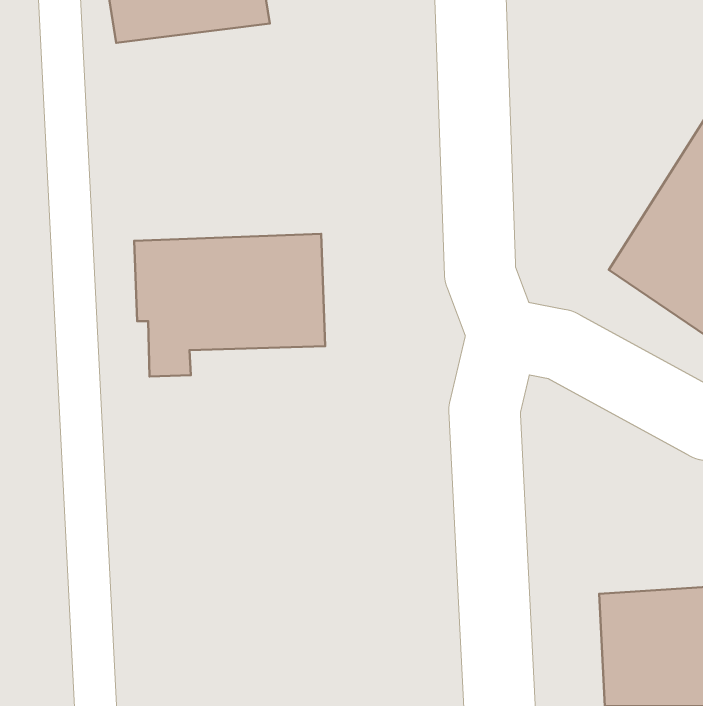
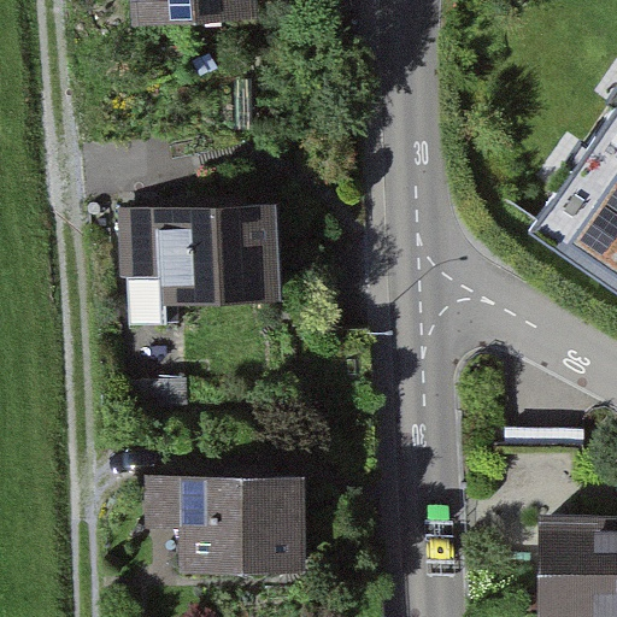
building: none -> [146,476,310,576]

